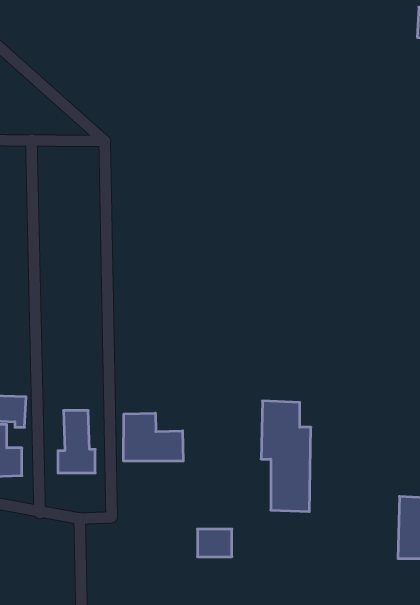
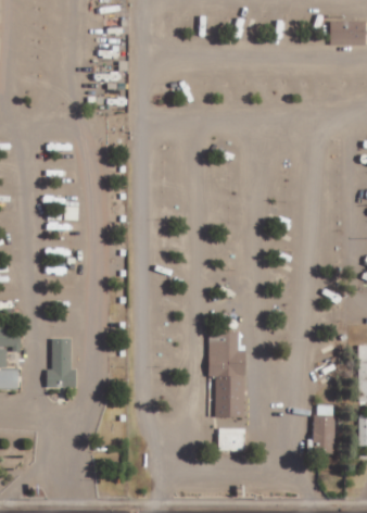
building: [124,413,183,461] -> none
building: [197,529,232,557] -> [218,428,245,450]

